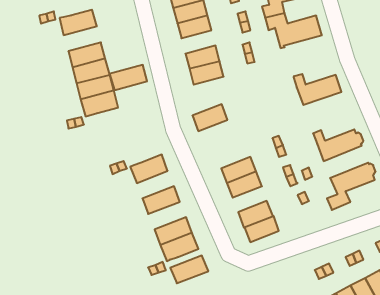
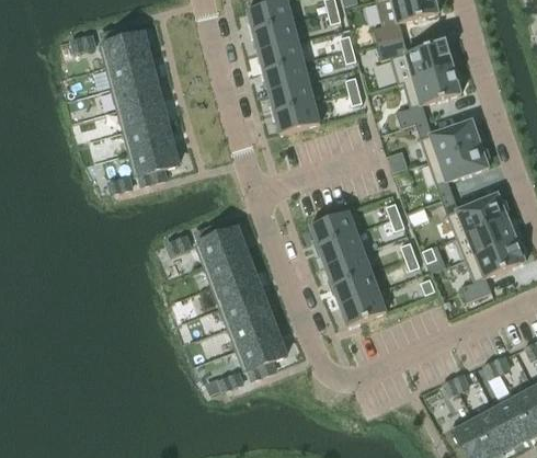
building: none -> [264,59,310,91]
building: none -> [396,66,462,127]
building: [110,65,147,90] -> [105,54,156,88]
building: none -> [429,142,490,198]
building: [192,104,227,131] -> [310,209,357,245]
building: none -> [456,215,516,259]
building: none -> [204,249,254,286]
building: [245,216,279,242] -> [333,270,379,305]
building: [170,256,208,283] -> [219,290,271,328]

